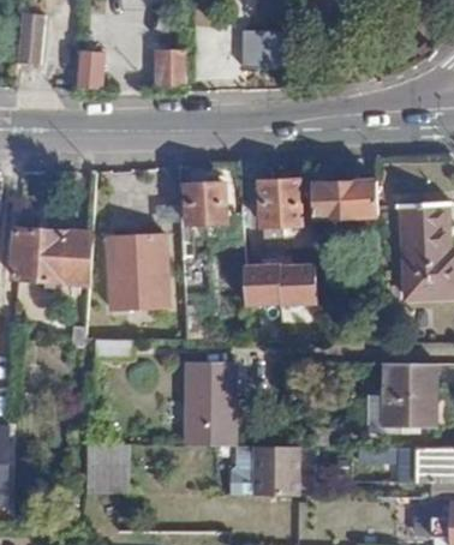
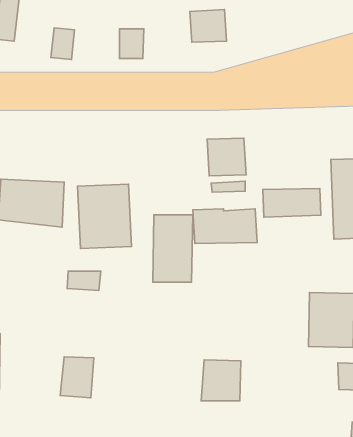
building: [187,184,228,224] -> none
building: [311,184,380,217] -> [263,188,321,217]
building: [190,359,237,438] -> [153,215,193,282]

